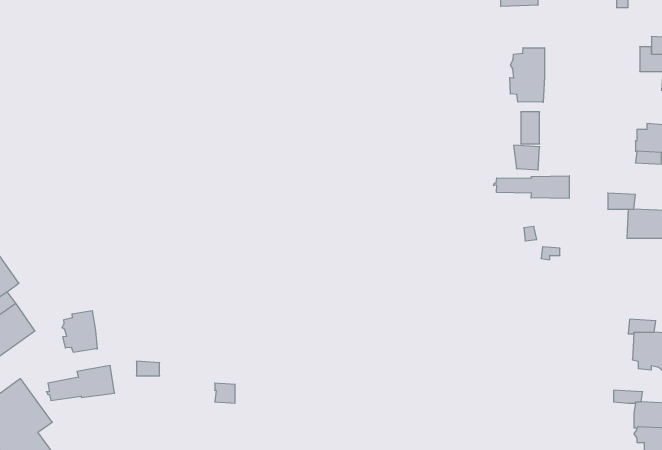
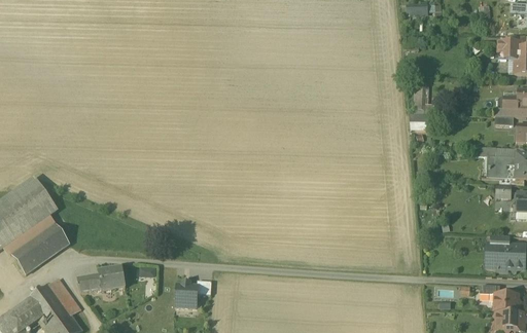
building: [510,48,544,102] -> none
building: [493,176,569,198] -> none
building: [62,311,97,352] -> none
building: none -> [176,284,198,306]

